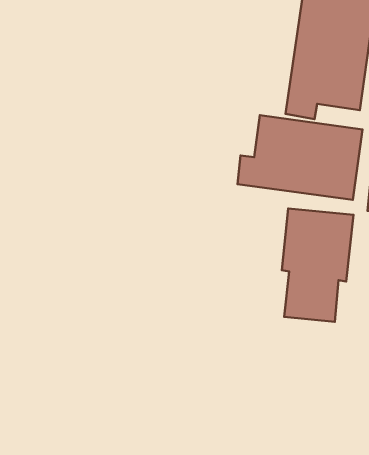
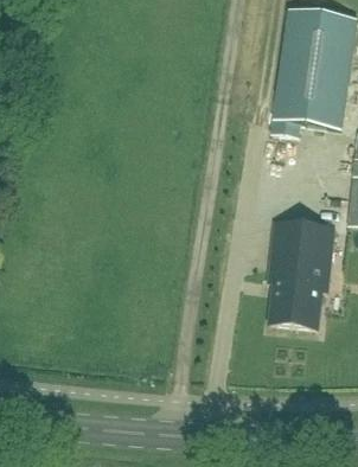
building: [237,115,363,200] -> none

